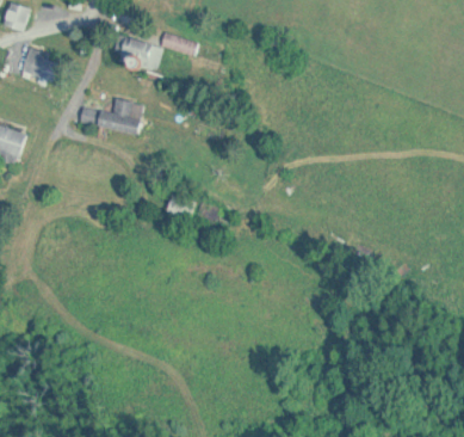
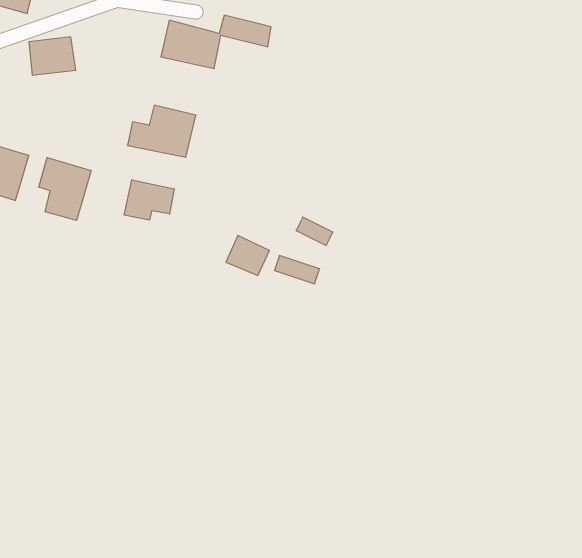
building: none -> [39,157,91,220]
building: none -> [124,180,174,220]

